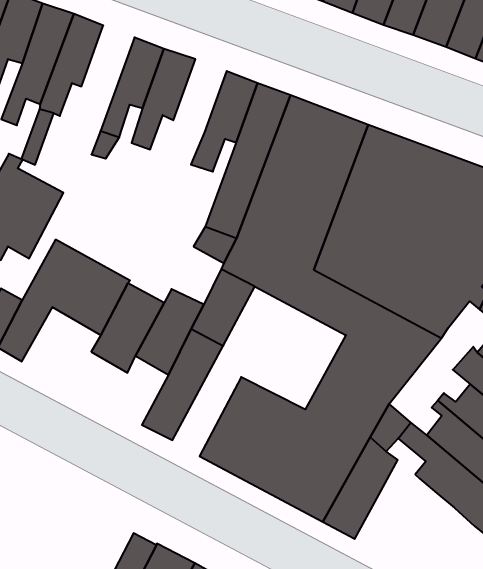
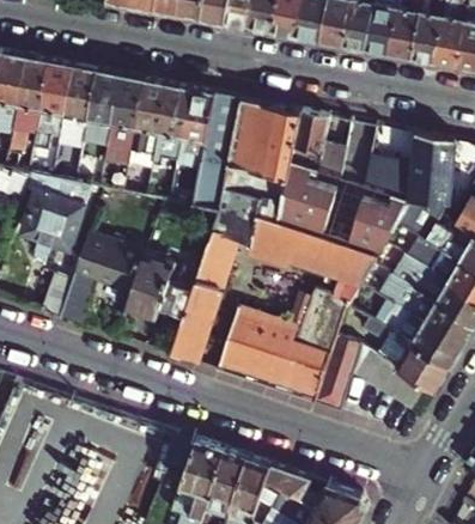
building: none -> [83,73,120,147]
building: none -> [152,86,190,170]
building: none -> [352,351,425,413]

